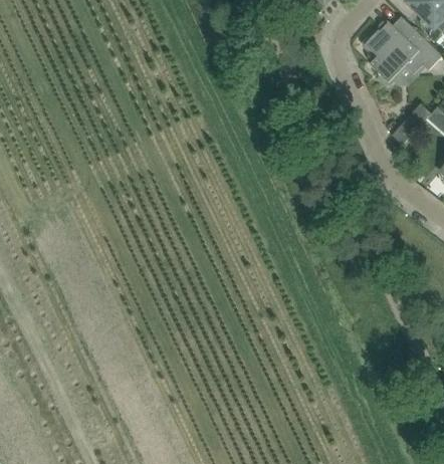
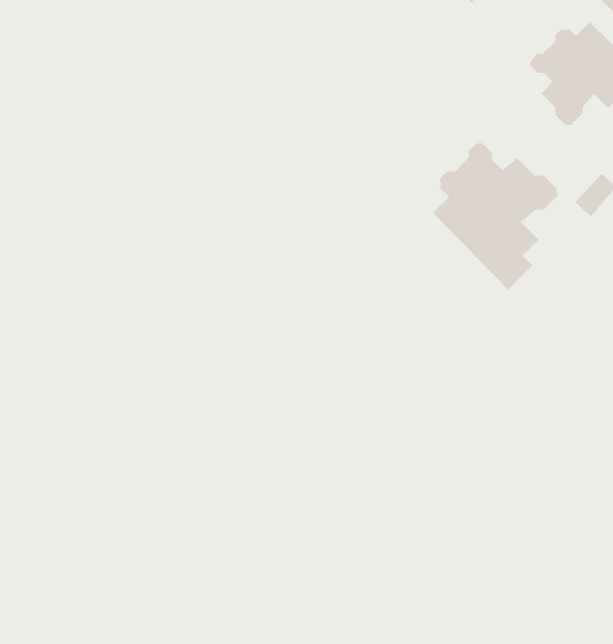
building: none -> [432,143,558,290]

